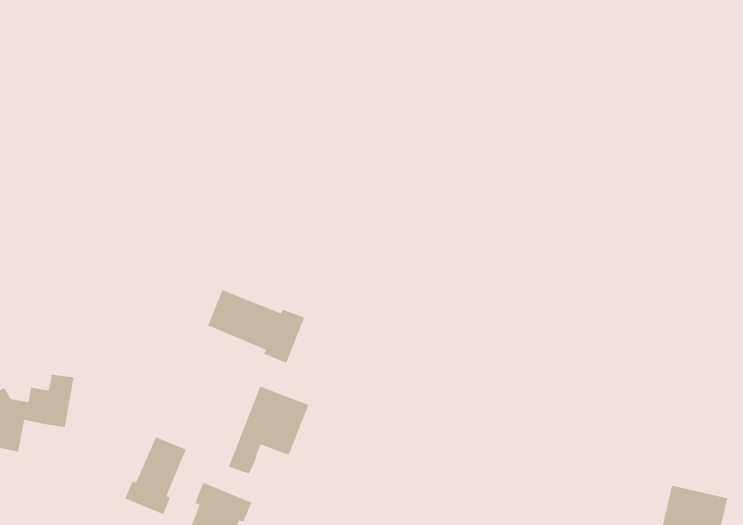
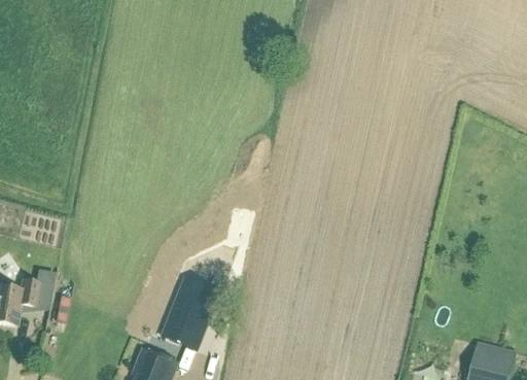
building: [207,289,305,364] -> none
building: [124,436,187,515] -> none

